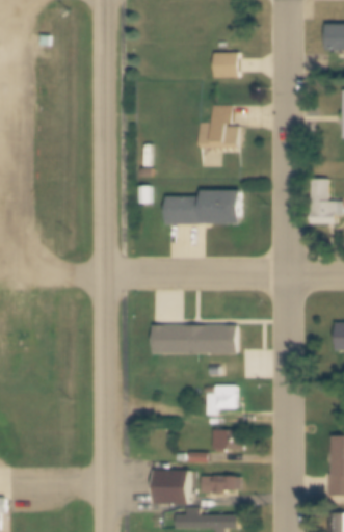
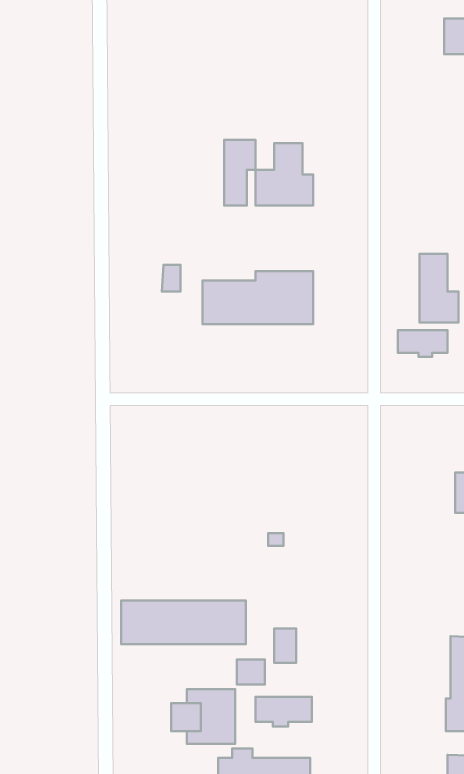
building: [213,52,237,74] -> none
building: none -> [224,140,256,206]
building: none -> [398,330,448,357]
building: [153,325,236,354] -> [121,600,246,644]
building: [206,384,236,416] -> none

